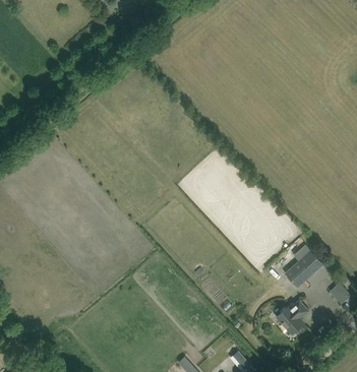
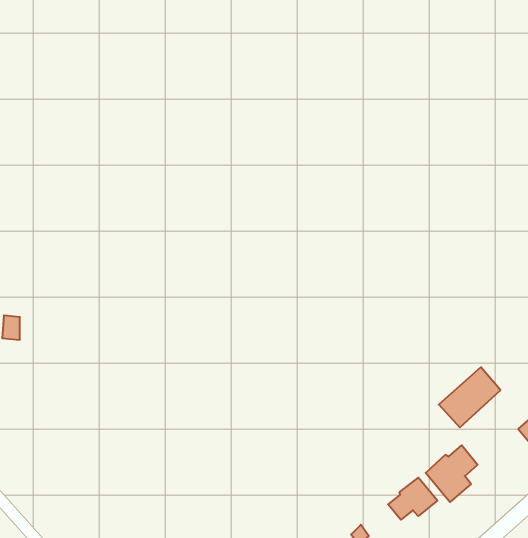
building: none -> [388,478,437,520]

